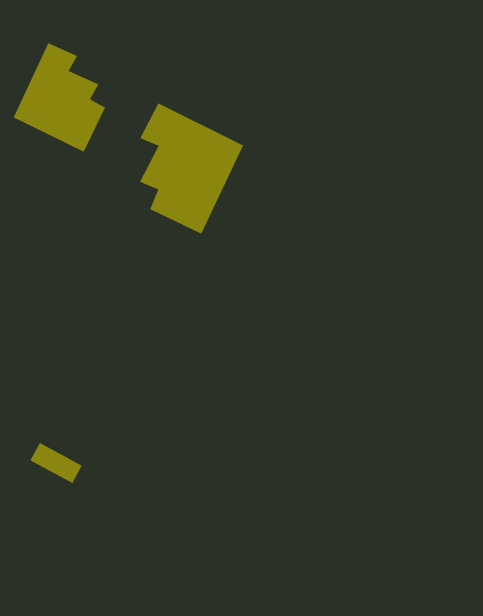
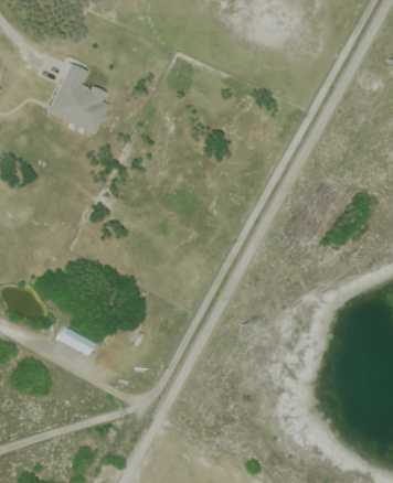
building: [139,102,244,234] -> none

